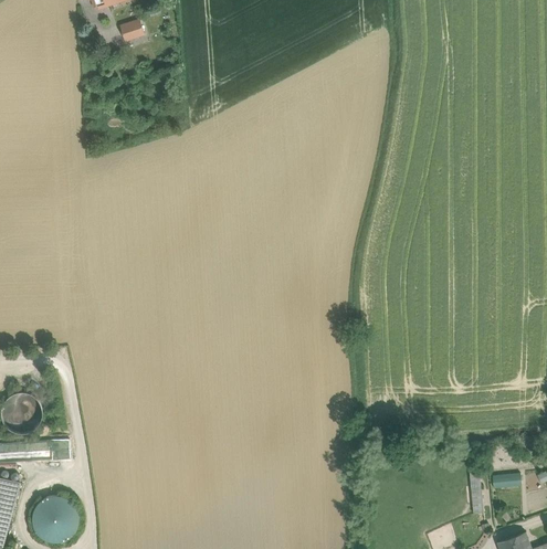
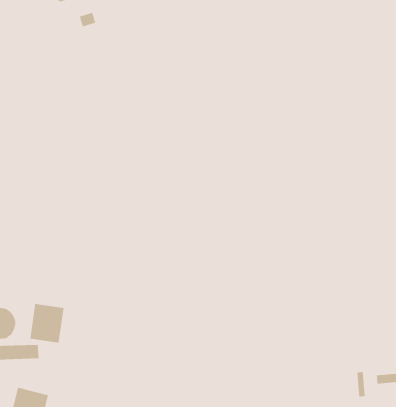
building: none -> [29,303,64,344]

